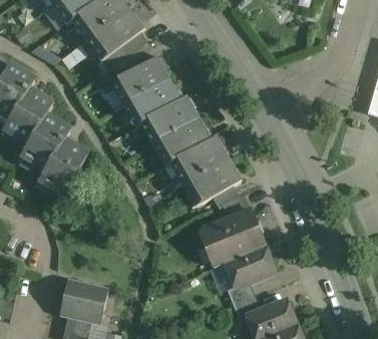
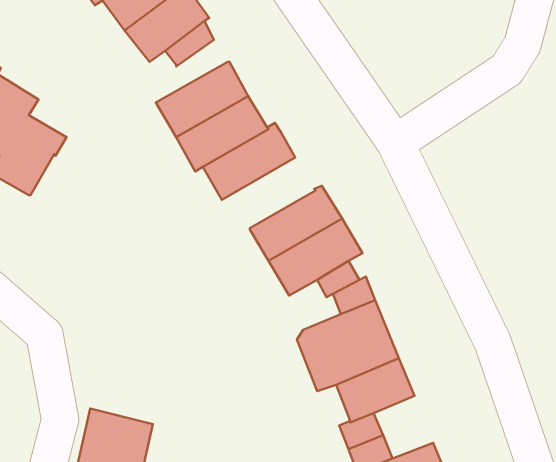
building: [103,42,155,82] -> none
building: [21,115,87,193] -> none
building: [151,117,212,166] -> none

